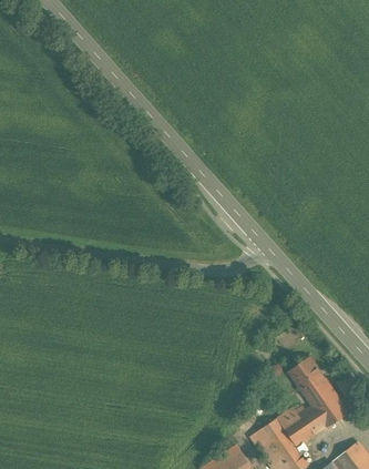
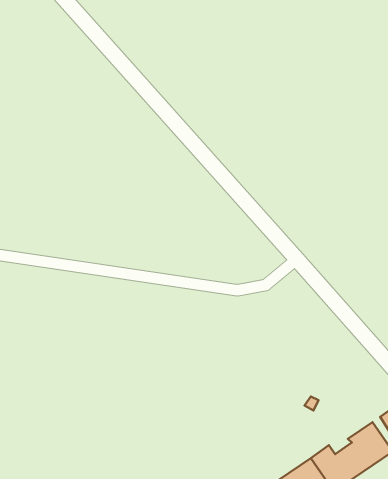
building: [288,357,330,401] -> none

